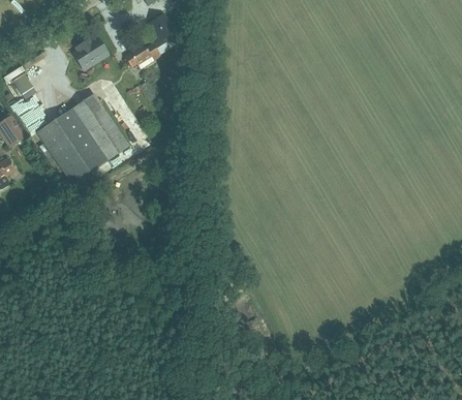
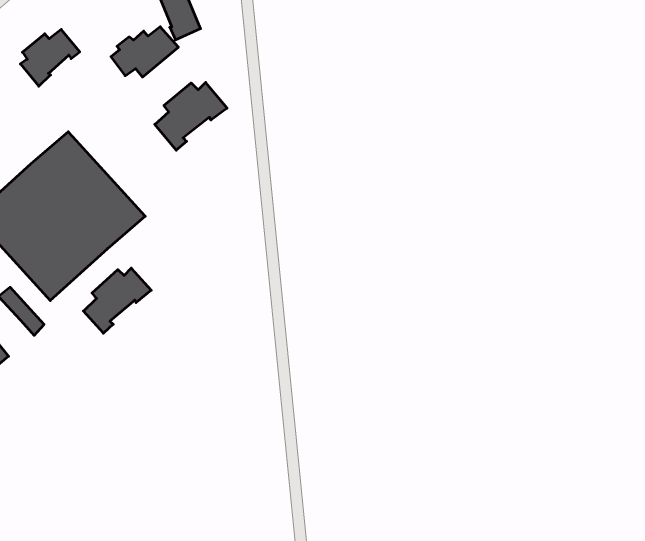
building: none -> [155,82,227,150]
building: none -> [83,268,151,333]

